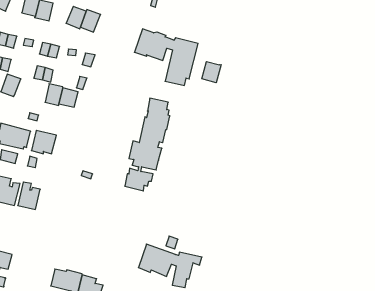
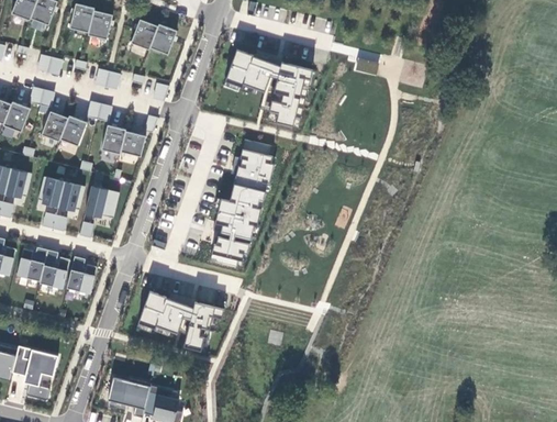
building: [202,62,221,83] -> none
building: none -> [60,114,88,145]
building: [138,244,202,288] -> [137,290,224,349]

